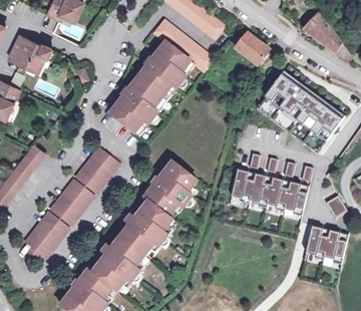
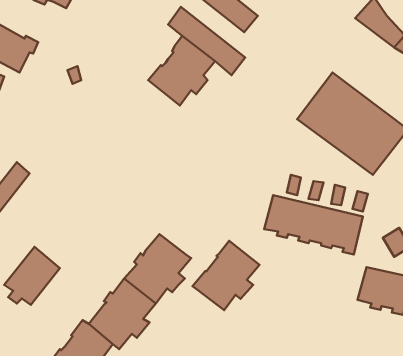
building: [236,33,270,65] -> none
building: [110,77,163,132] -> none
building: [76,146,118,192] -> none
building: [143,161,197,216] -> [193,241,259,310]
building: [50,178,93,223] -> none

